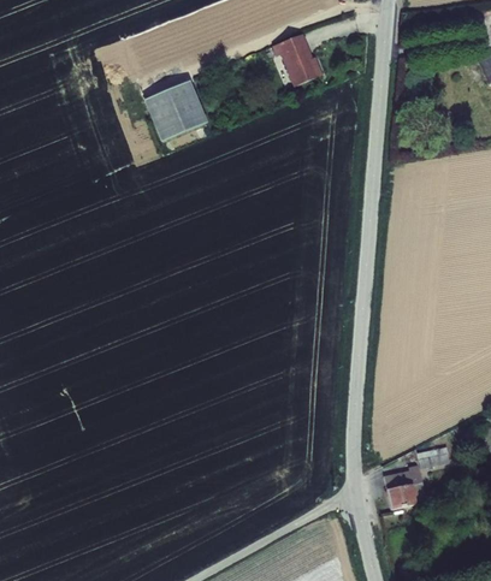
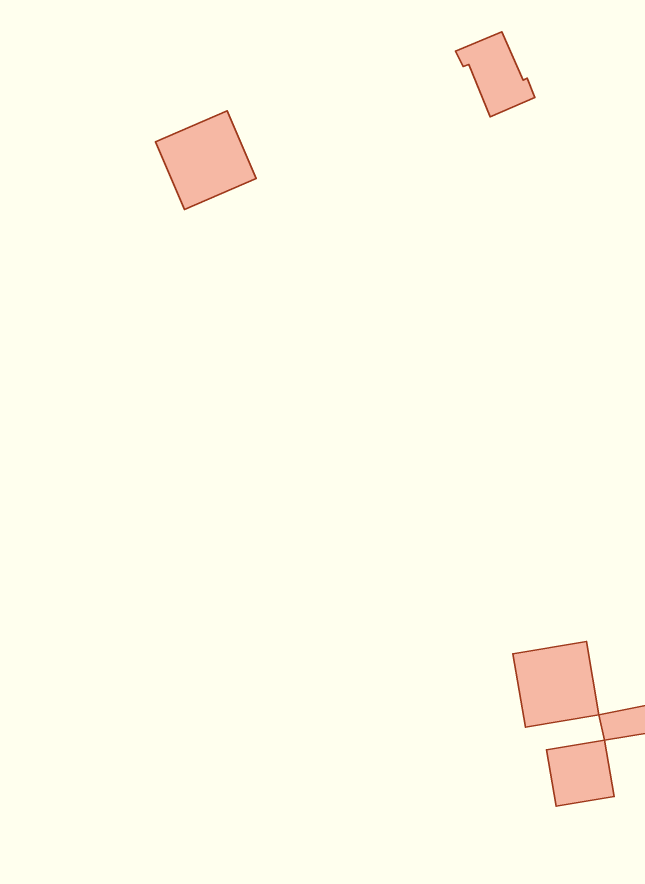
building: [271,31,320,84] -> [455,32,535,117]
building: none -> [513,641,599,727]

